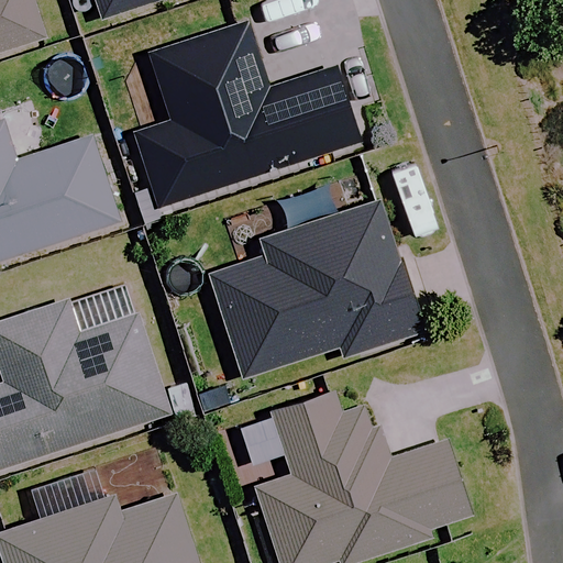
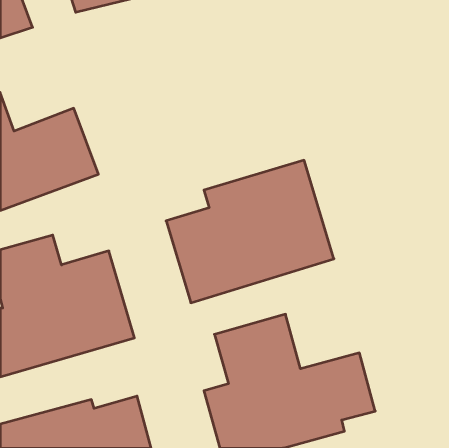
building: [134,22,360,210] -> none

